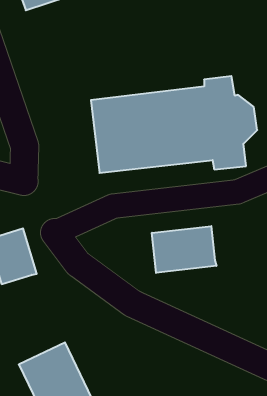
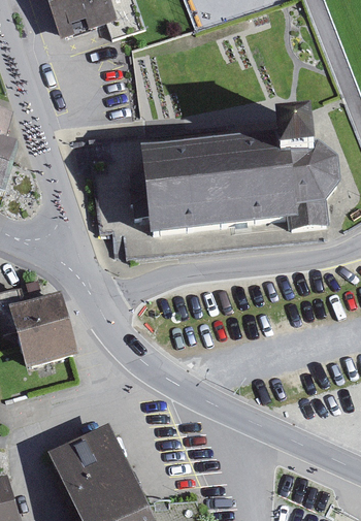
building: [152,226,216,273] -> none

